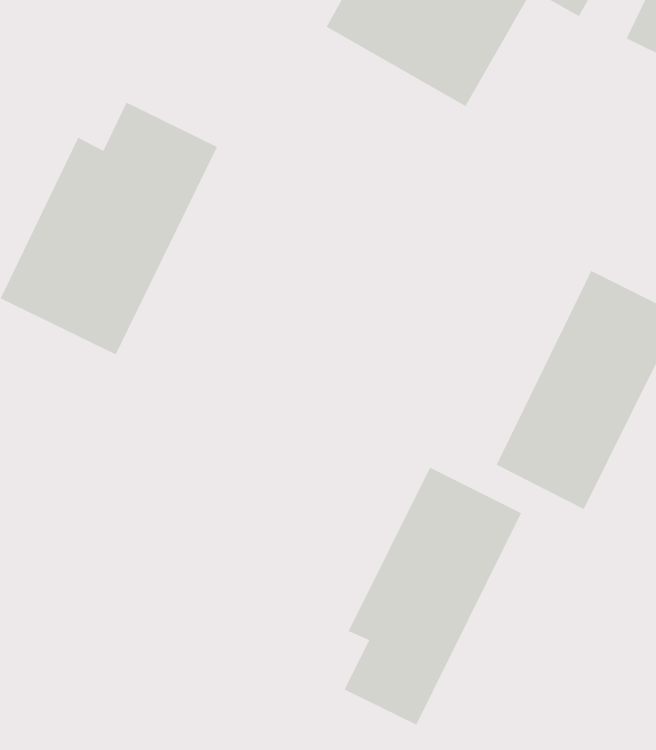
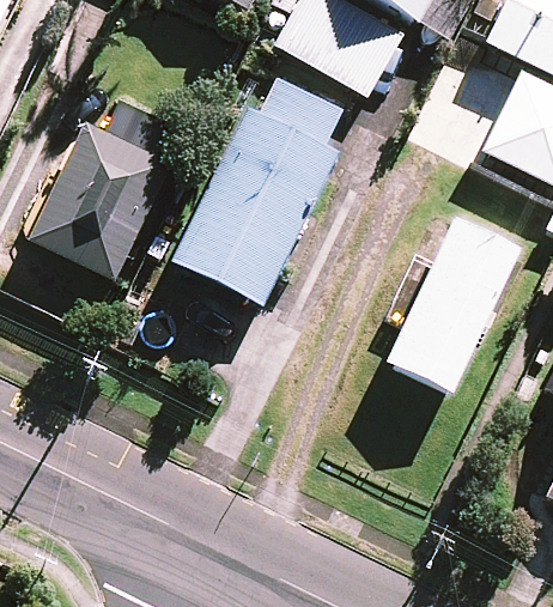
building: none -> [175,71,347,302]
building: [344,467,522,726] -> none

